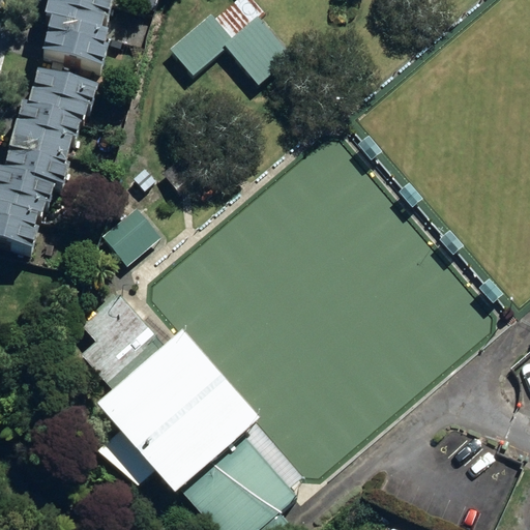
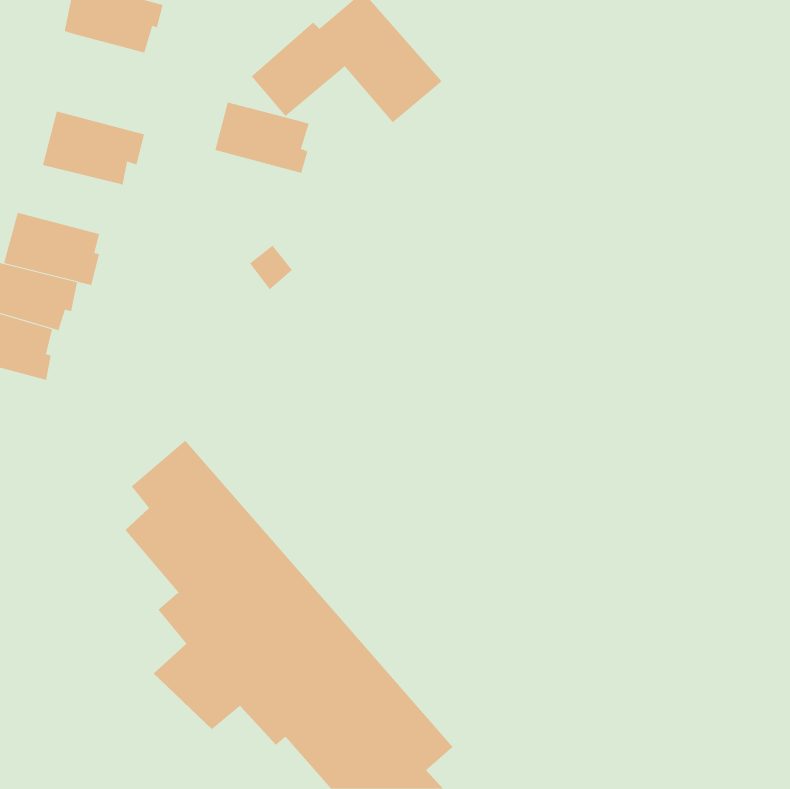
building: [40,23,104,70] -> [215,102,310,173]
building: [11,107,79,155] -> none
building: [105,205,163,263] -> none

